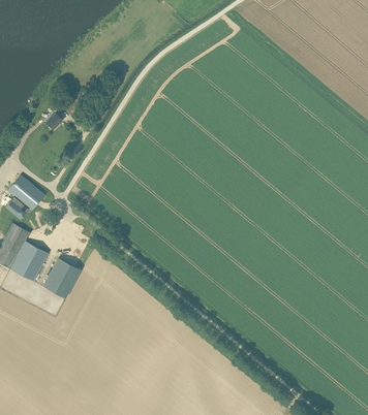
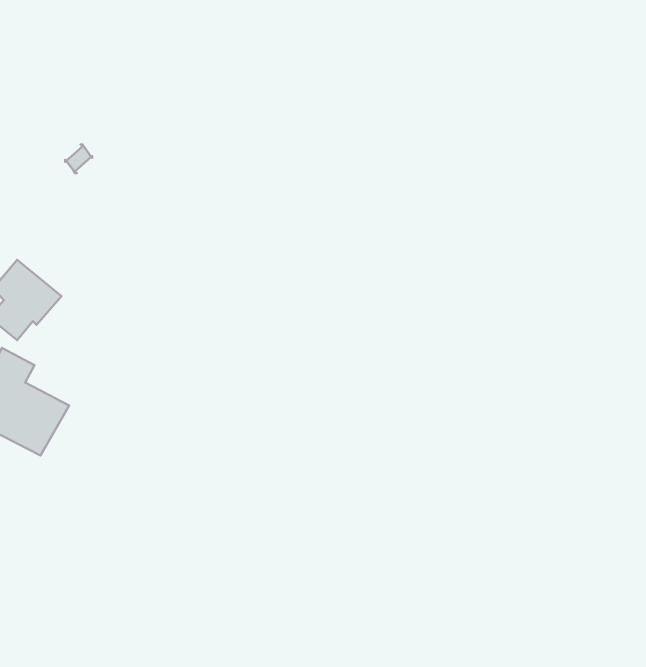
building: [43,257,81,297] -> none

